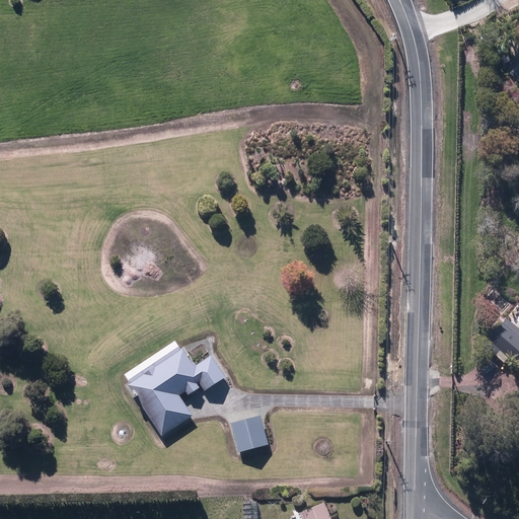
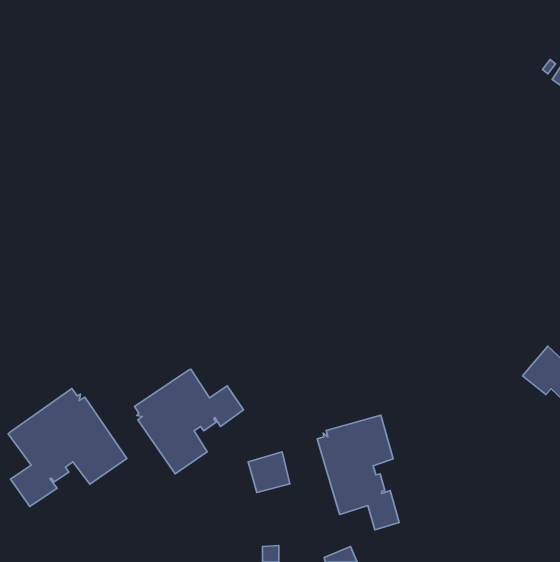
building: none -> [8,388,127,506]
building: none -> [317,415,399,530]

